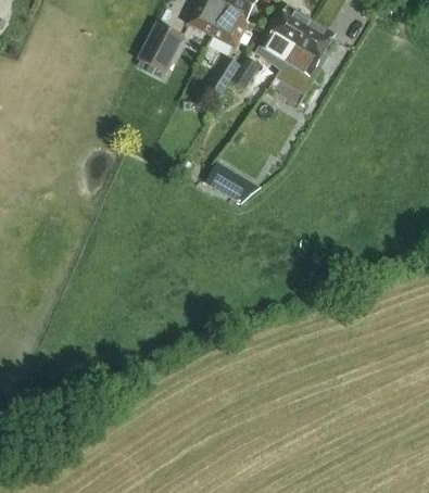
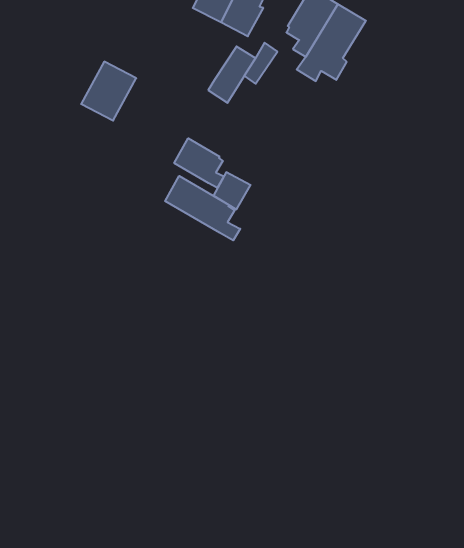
building: [136,22,182,72] -> [81,62,136,121]
building: none -> [174,138,224,188]
building: none -> [165,176,240,240]

